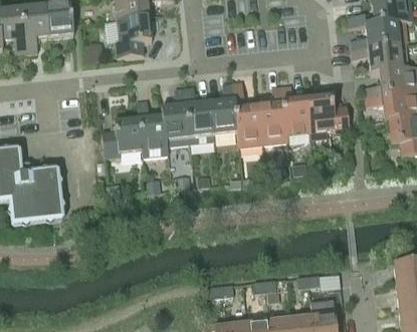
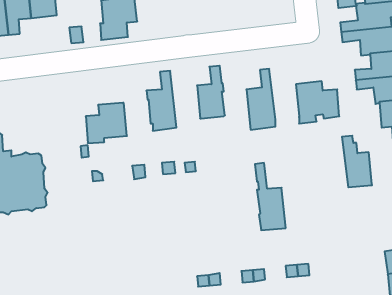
building: [232,81,262,146] -> [255,163,286,230]
building: [280,84,309,134] -> [342,136,372,187]
building: [184,86,214,142] -> none
building: [136,100,168,156] -> none

